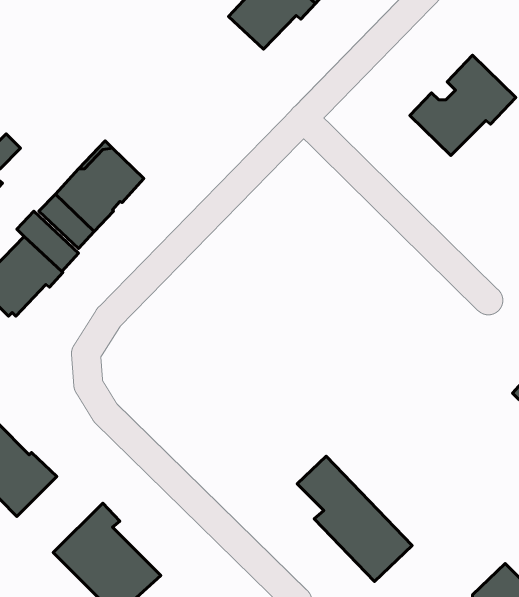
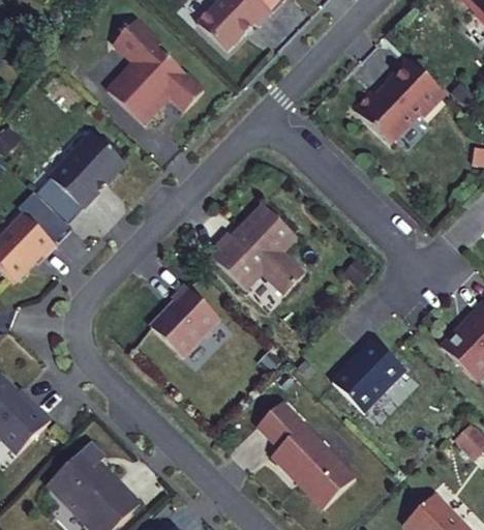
building: none -> [108,19,204,123]
building: none -> [211,203,305,294]
building: none -> [150,285,219,356]
building: none -> [331,337,404,412]

